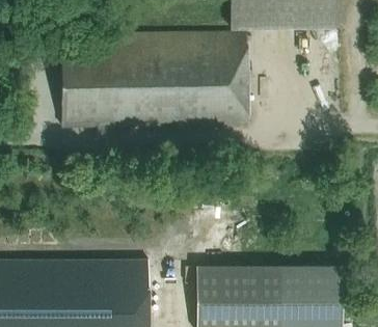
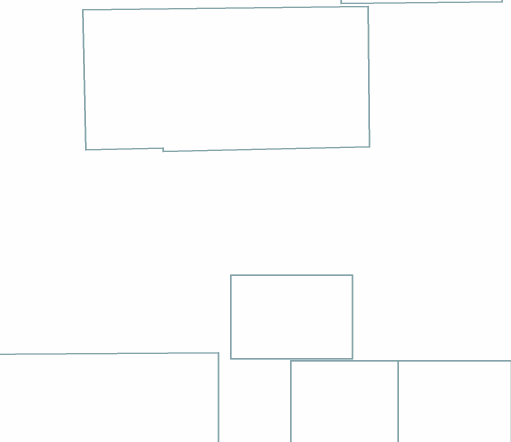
building: none -> [231,275,352,359]

